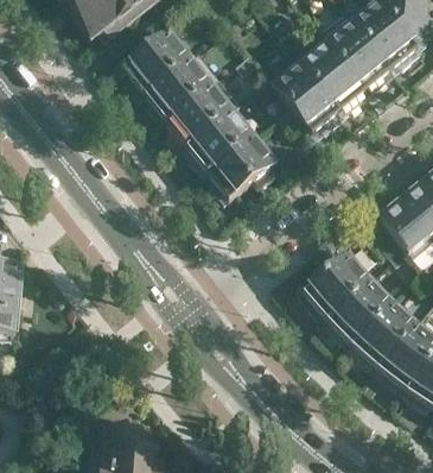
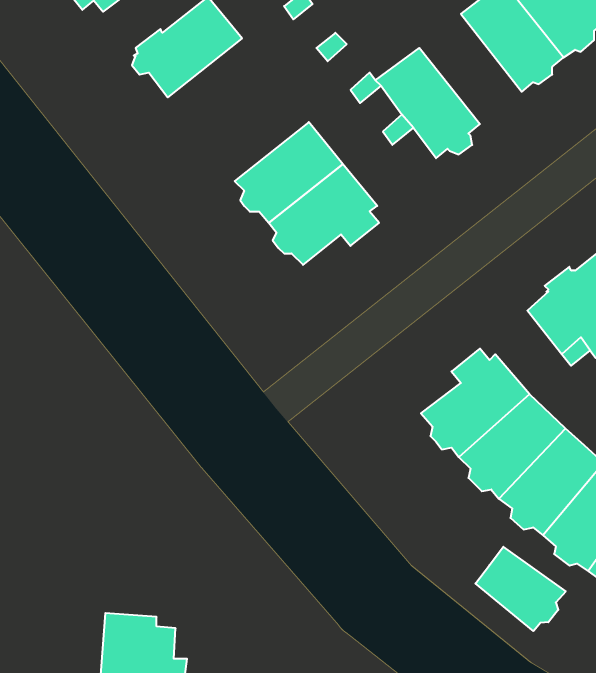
building: [300,37,364,106] -> none
building: [144,52,231,141] -> none
building: none -> [475,547,566,631]

